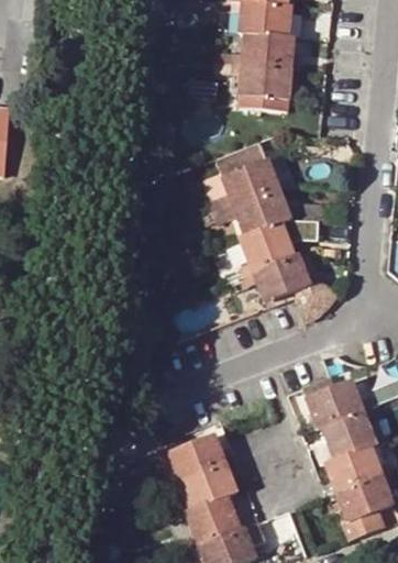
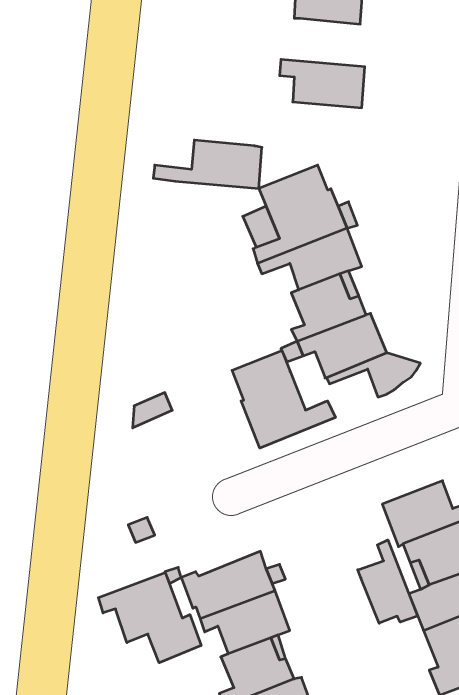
building: [214,33,296,69] -> [153,140,262,189]
building: none -> [232,350,335,448]
building: none -> [358,540,417,623]
building: none -> [98,573,201,663]

